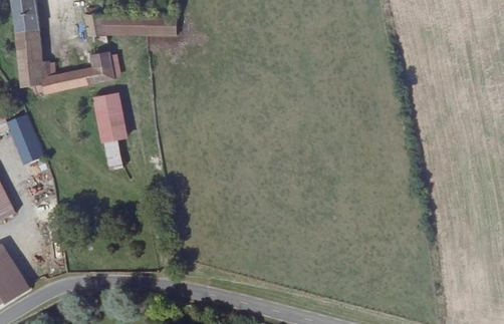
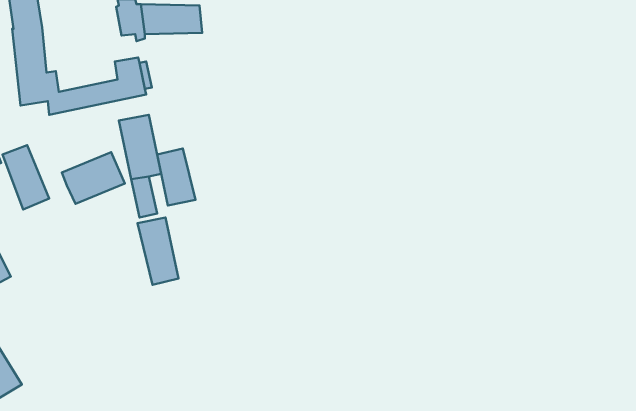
building: none -> [157,149,195,205]
building: none -> [62,152,125,204]
building: none -> [137,217,178,285]

